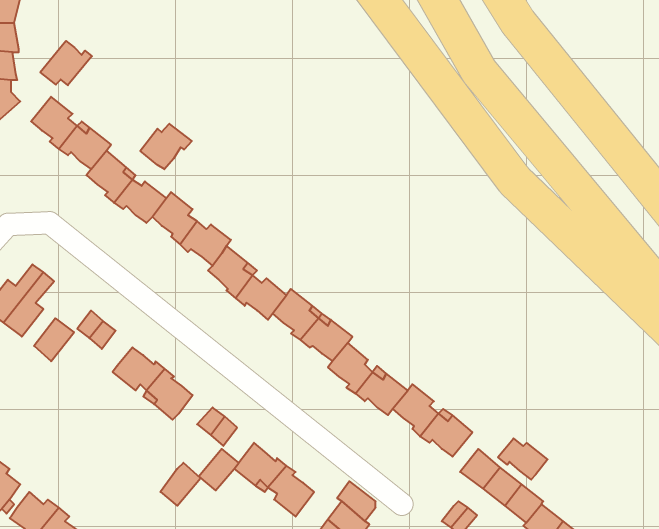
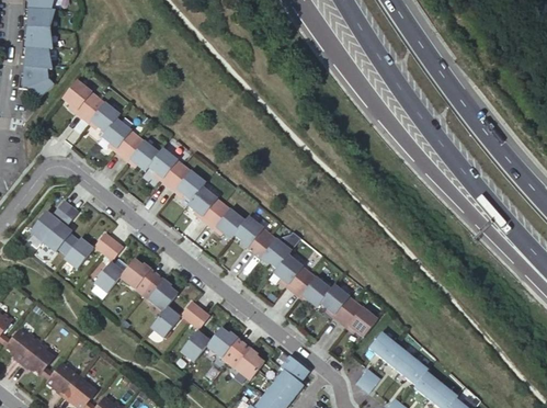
building: [40,41,92,85] -> none
building: [140,124,192,169] -> none
building: none -> [94,262,124,293]
building: [498,438,548,480] -> none
building: [160,463,200,506] -> [151,306,180,337]

